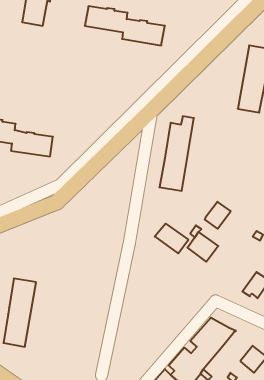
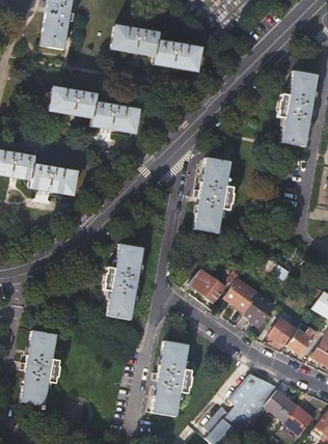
building: none -> [50,88,138,133]
building: none -> [107,243,144,318]
building: [205,202,231,229] -> [245,294,274,324]
building: none -> [267,314,295,344]
building: none -> [153,340,189,416]
building: none -> [265,389,297,421]

